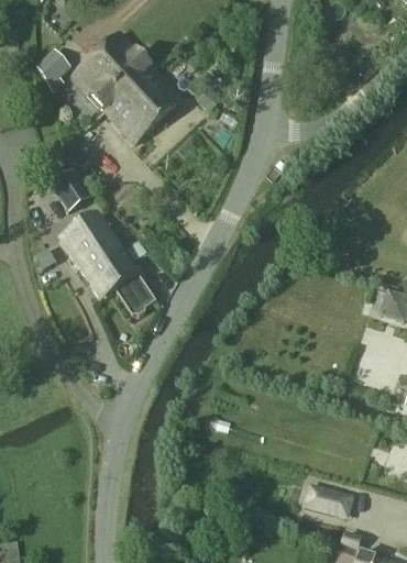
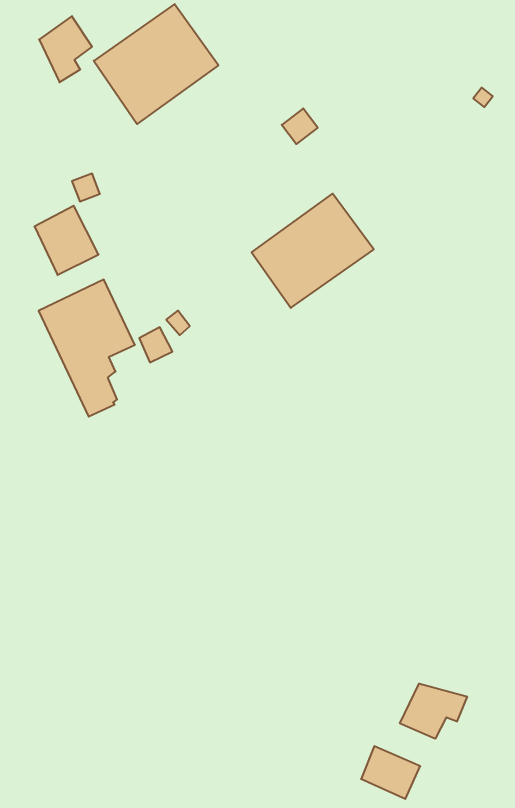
building: [106,67,183,143] -> [252,194,374,308]
building: [108,251,156,316] -> none
building: none -> [400,684,467,739]

